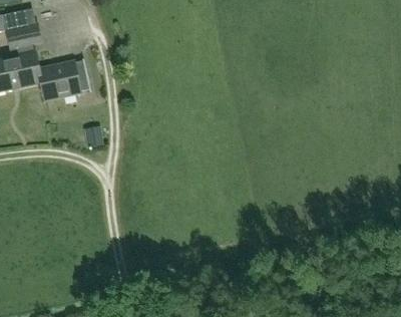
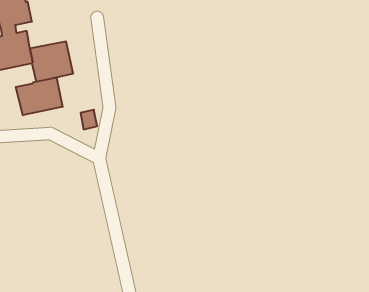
building: none -> [16,77,63,115]

